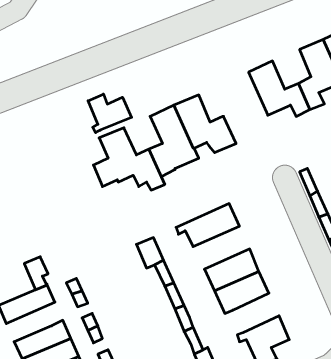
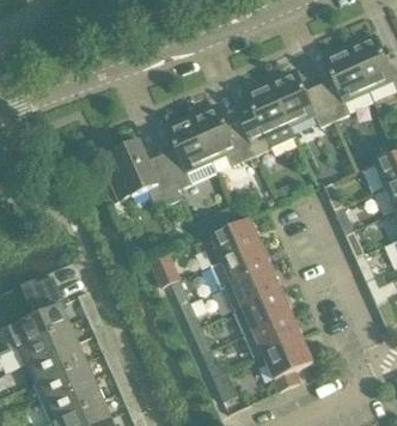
building: none -> [232,79,294,154]
building: [88,94,132,133] -> none
building: none -> [209,242,270,287]
building: none -> [244,312,301,358]
building: none -> [13,322,73,364]

